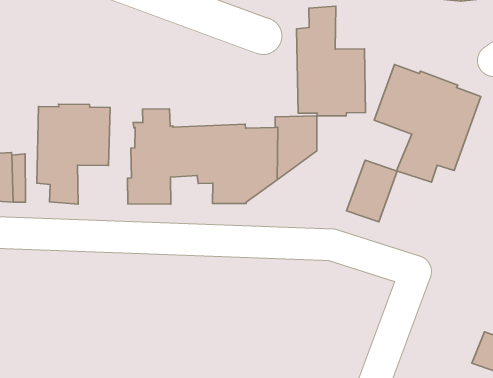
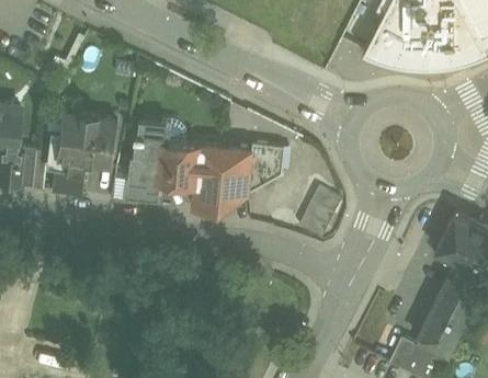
building: [296,6,366,116] -> none
building: [374,65,481,182] -> none

